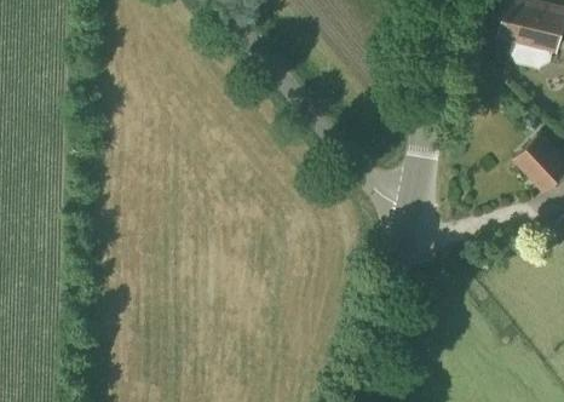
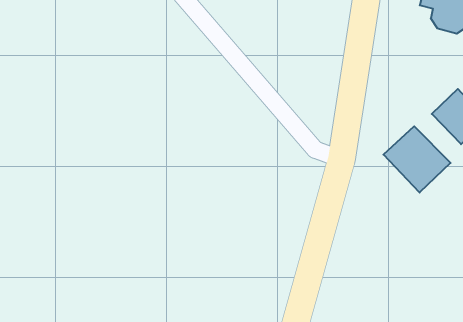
building: none -> [383,126,451,193]

